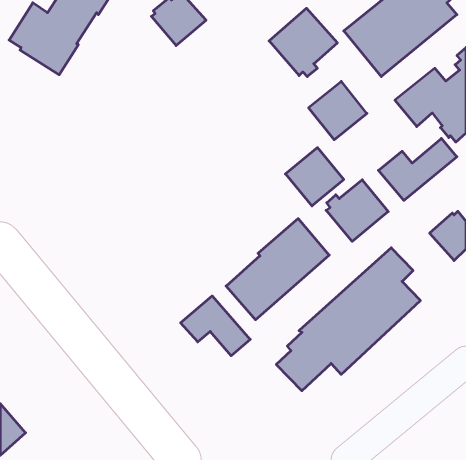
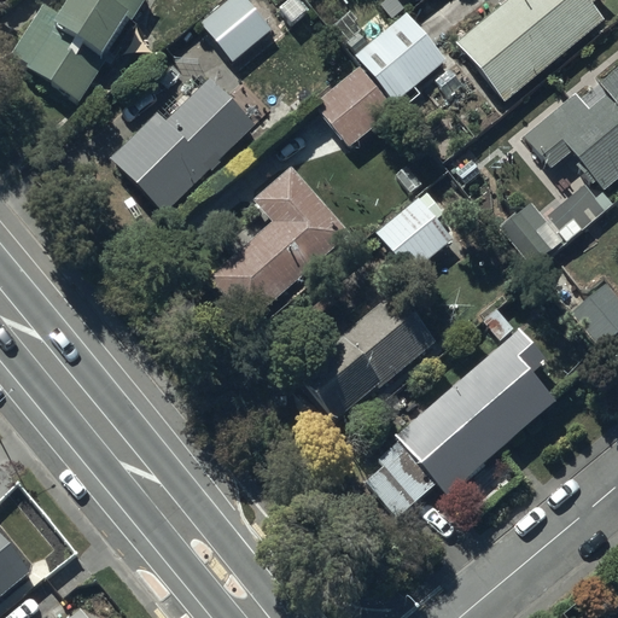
building: none -> [112,77,255,212]
building: [309,81,367,140] -> [316,65,393,142]
building: none -> [210,165,349,320]
building: [326,180,388,241] -> none
building: [181,296,250,356] -> none

